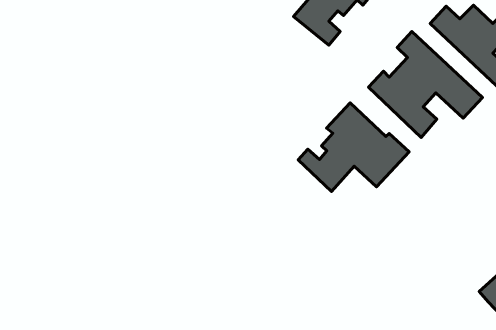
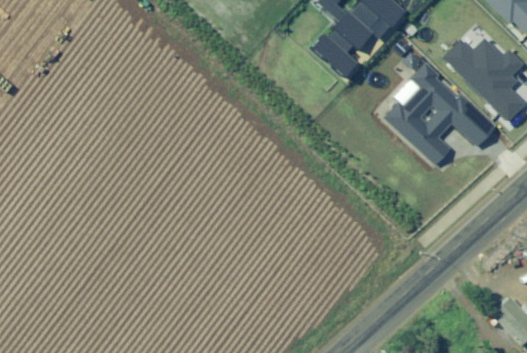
building: [298,103,409,192] -> none

